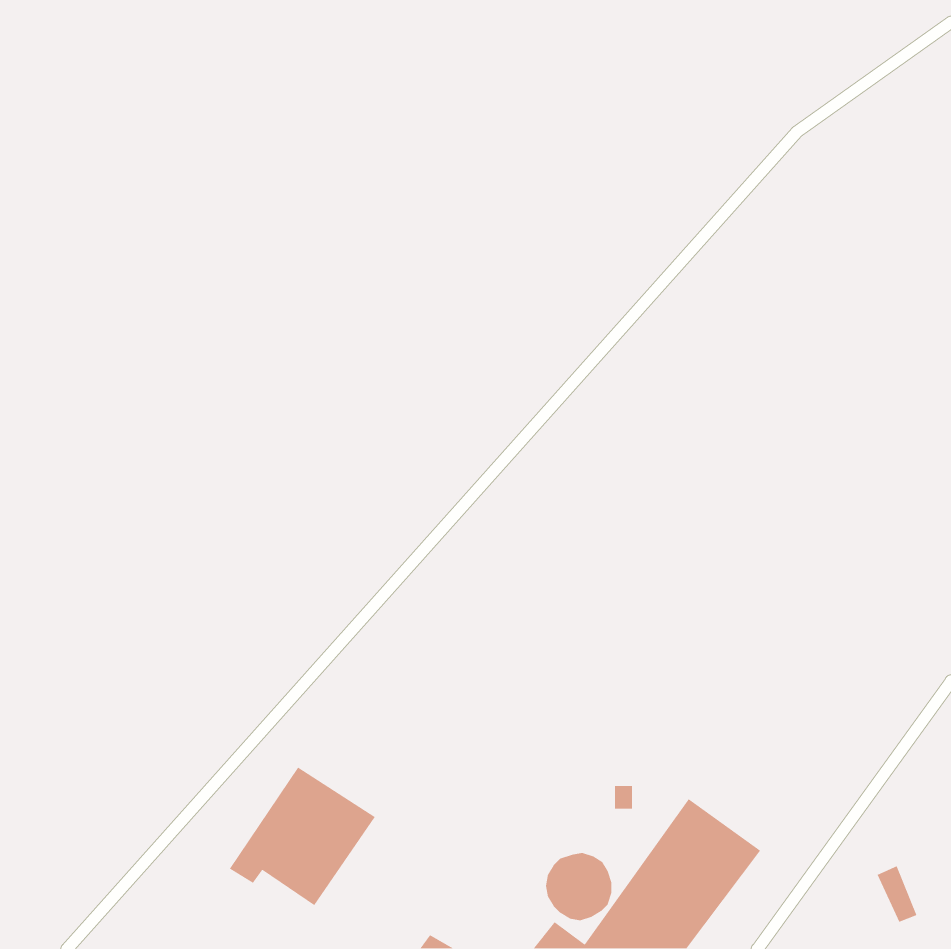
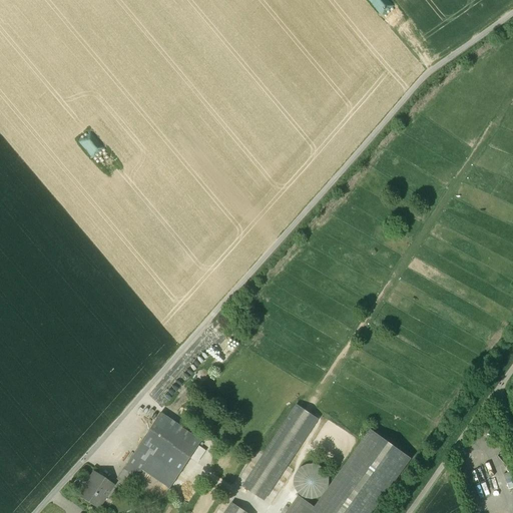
building: none -> [243,405,317,499]
building: none -> [78,472,112,507]

